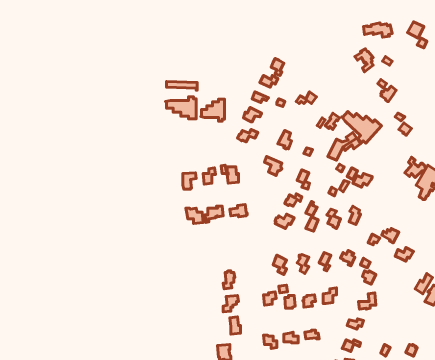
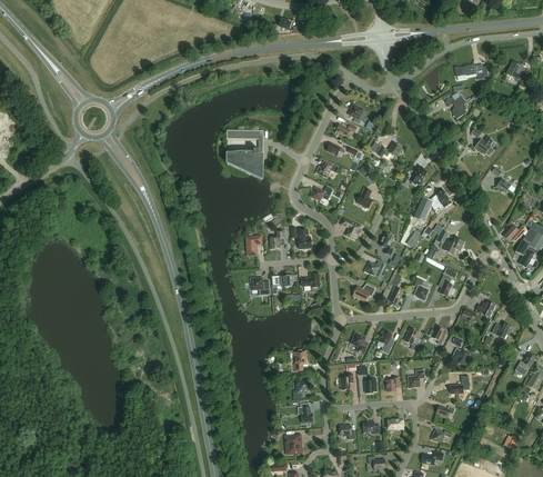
building: [201,99,224,121] -> none
building: [342,112,382,143] -> none

